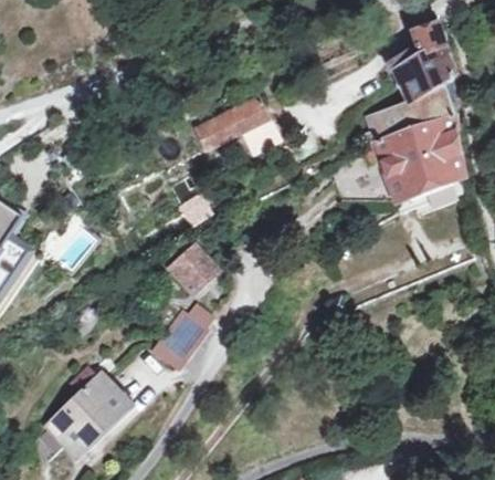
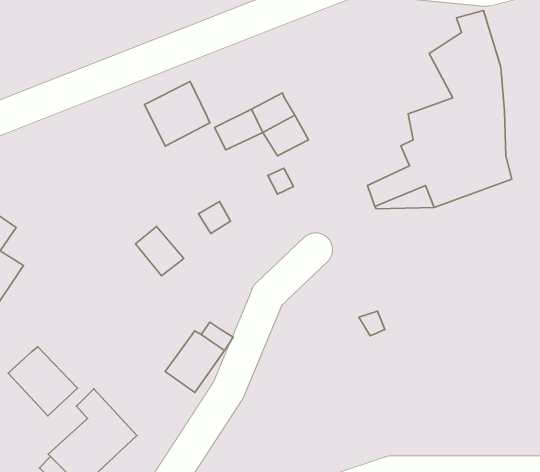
building: none -> [144,82,210,146]
building: [172,242,215,286] -> [136,226,184,276]
building: none -> [8,347,77,416]

